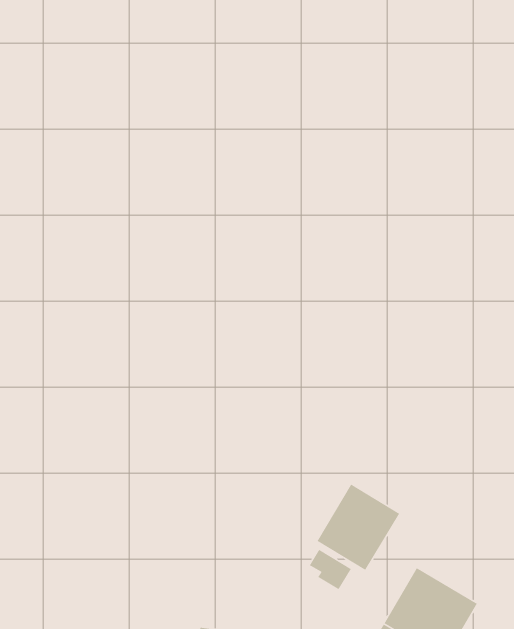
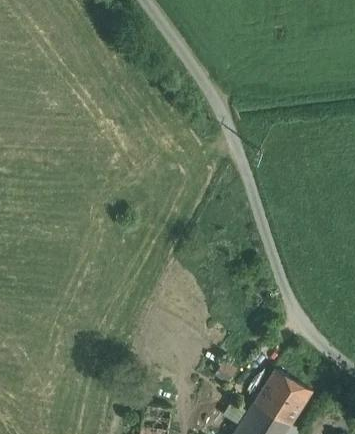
building: [316,483,400,571] -> none

